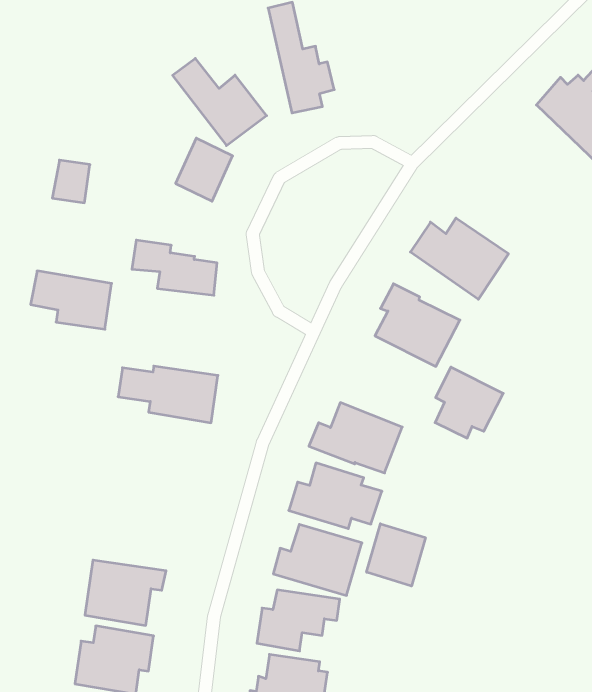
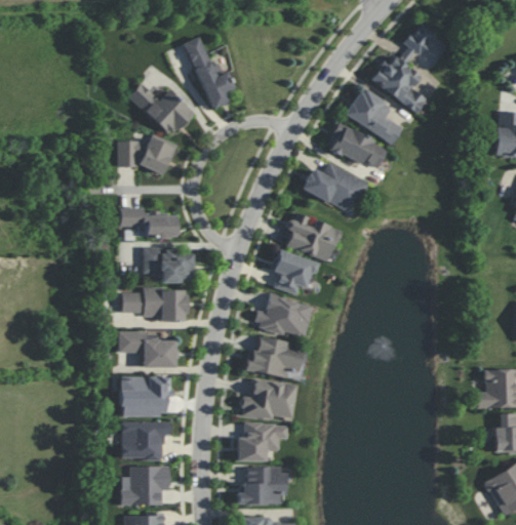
building: none -> [345,87,403,144]
building: [52,160,90,203] -> [118,140,140,166]
building: none -> [327,123,388,167]
building: [31,271,112,329] -> [143,249,194,281]
building: [435,367,503,438] -> [273,249,317,294]
building: none -> [119,332,176,367]
building: none -> [121,376,172,415]
building: [367,524,425,586] -> none

